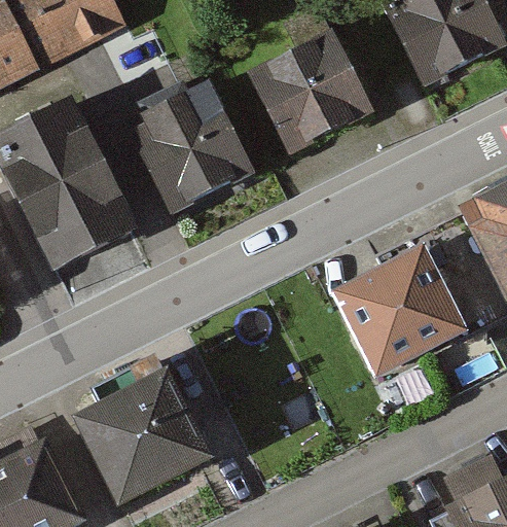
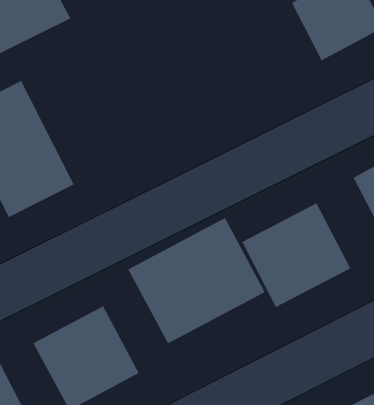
building: [249,33,369,150] -> none
building: [126,81,254,212] -> none
building: none -> [128,217,265,344]

